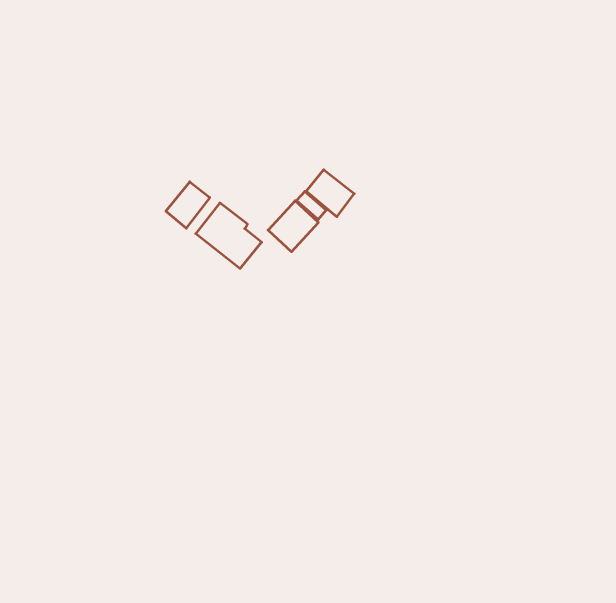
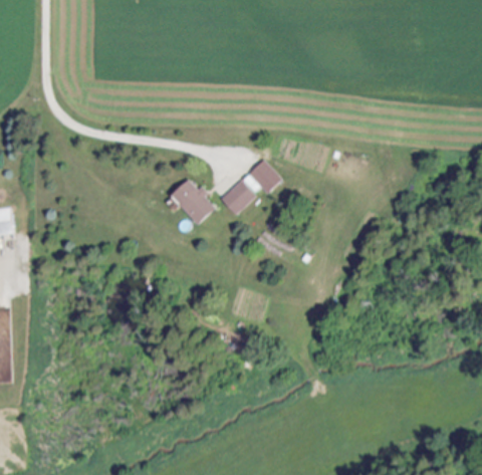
building: [166,182,210,228] -> none

